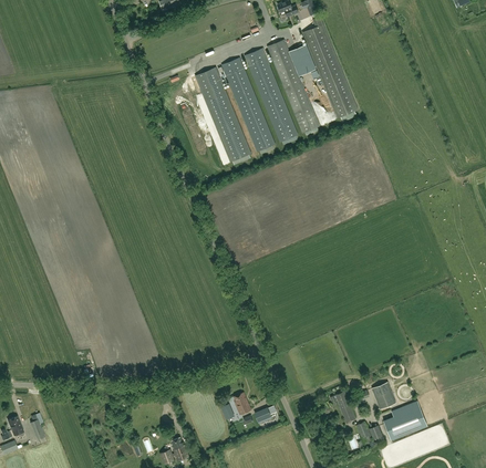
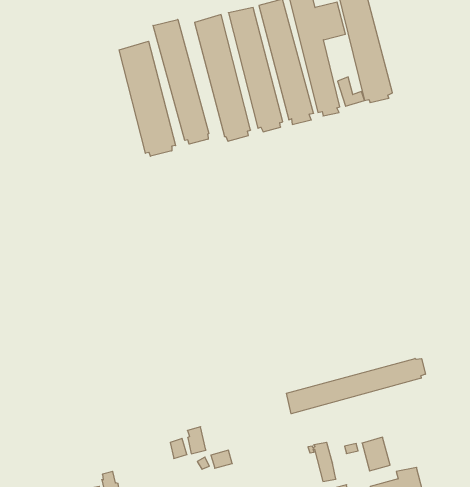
building: none -> [153,19,209,144]
building: none -> [119,41,176,156]
building: none -> [286,358,425,414]

